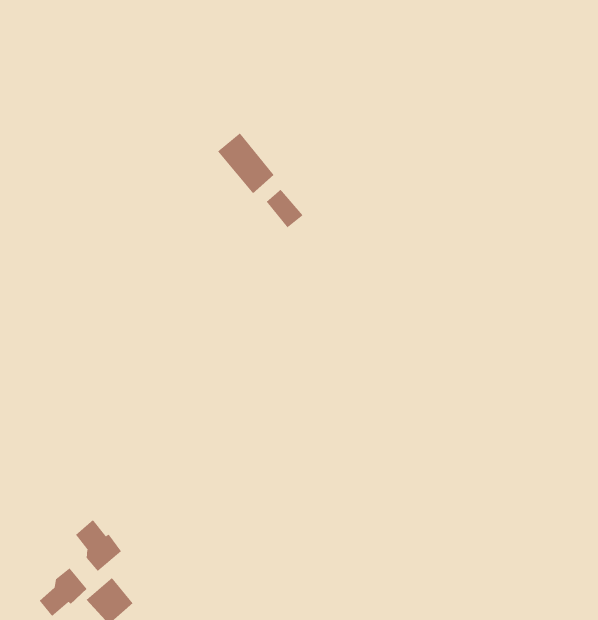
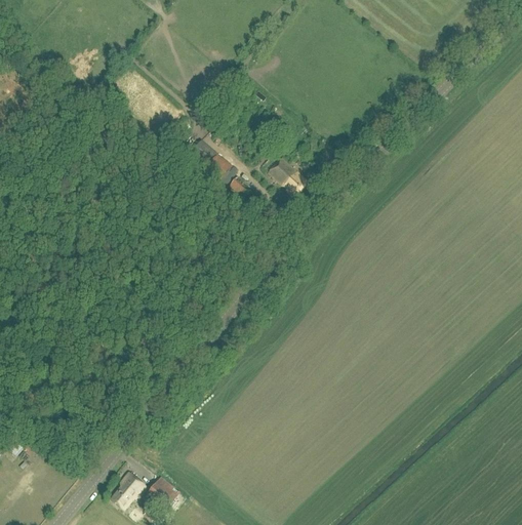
building: none -> [269,156,309,196]
building: [75,519,122,572] -> none

